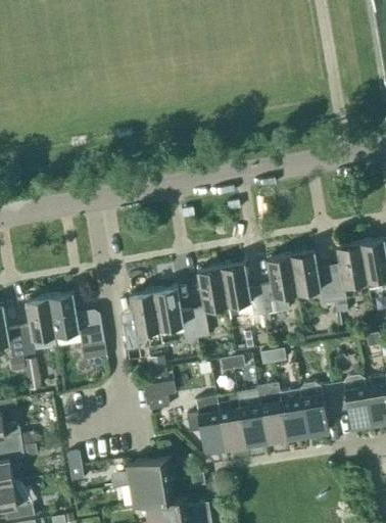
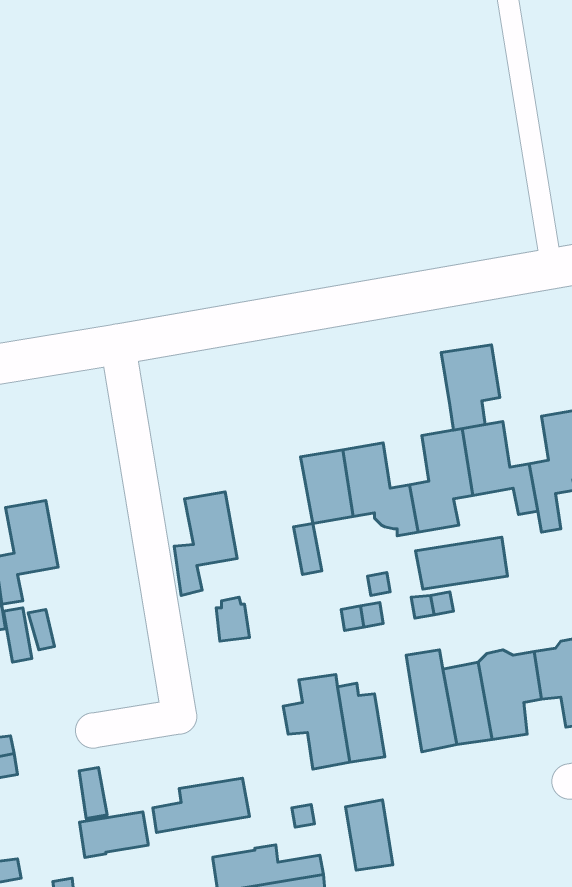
building: none -> [441,345,500,430]
building: [153,287,198,341] -> none
building: [49,292,107,360] -> none
building: none -> [415,537,507,589]
building: [147,382,177,411] -> none
building: [240,405,268,445] -> [346,800,393,870]
building: [131,480,171,507] -> [80,812,148,857]

